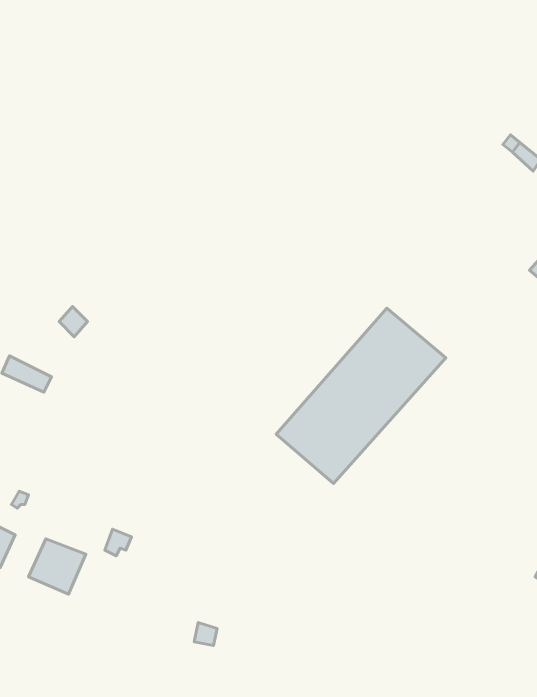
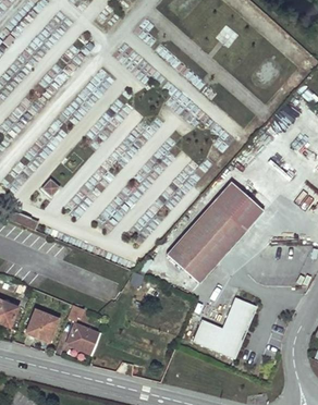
building: none -> [194,294,258,358]
building: none -> [66,327,100,358]

